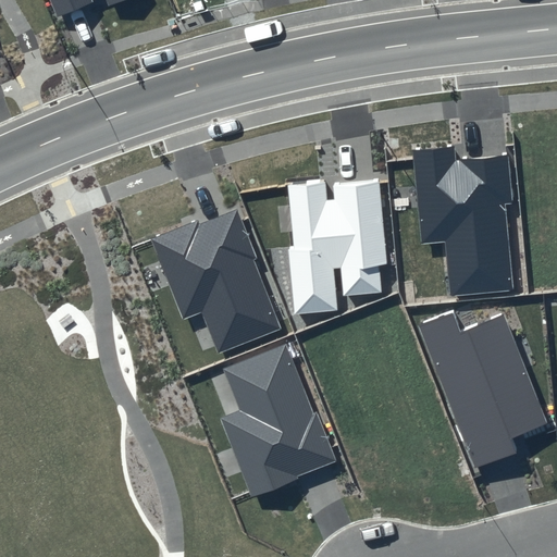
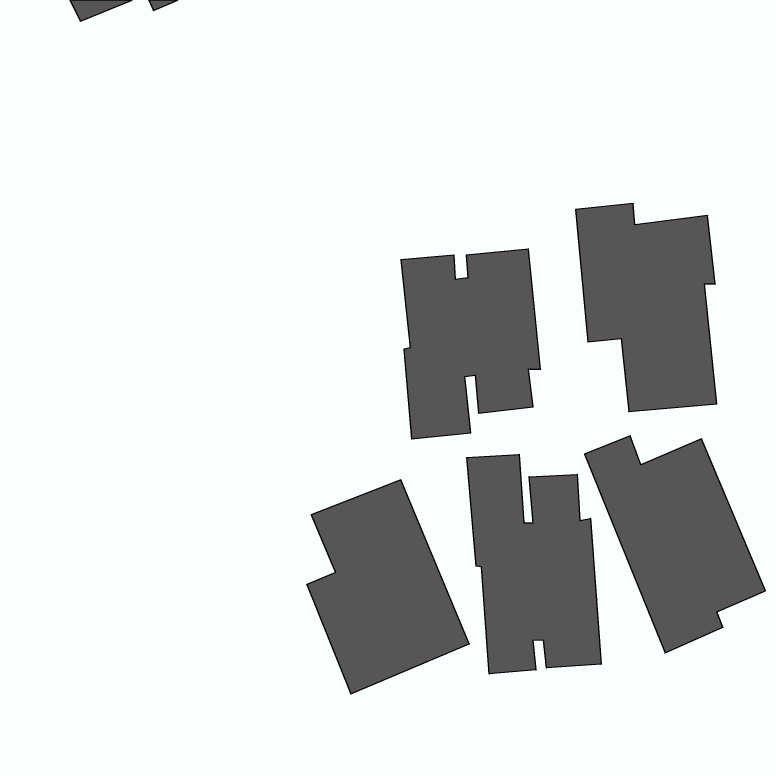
building: [150,210,284,352] -> none
building: none -> [467,454,601,674]

